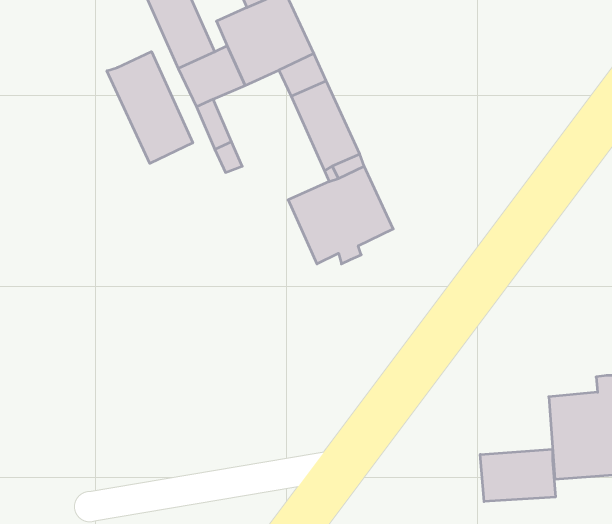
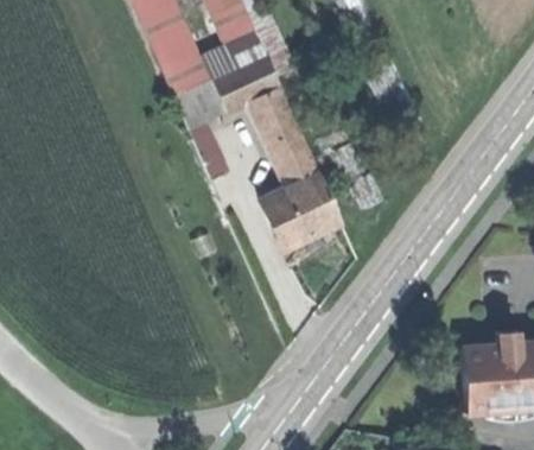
building: [107,52,193,163] -> none
building: [480,449,555,502] -> none

